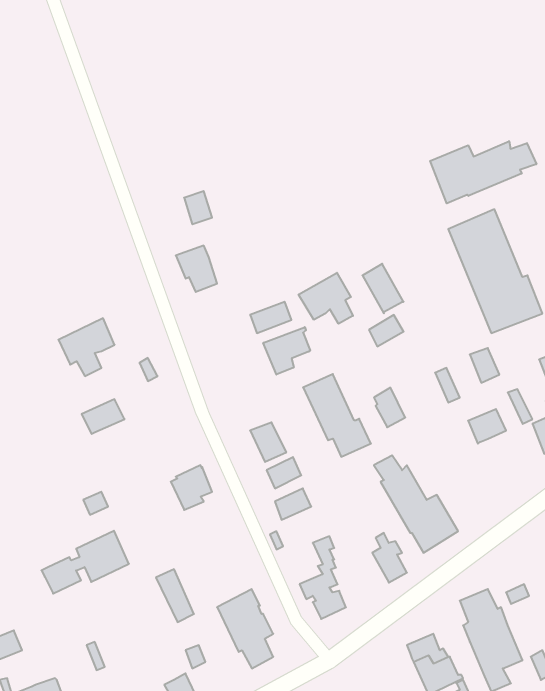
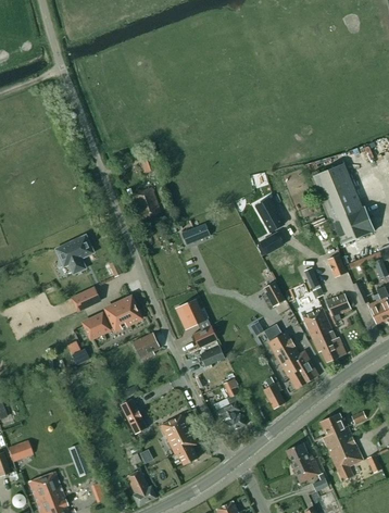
building: [430,141,536,203] -> none
building: [299,273,353,324] -> none
building: [263,327,310,375] -> none
building: [303,374,371,457] -> [301,308,346,362]
building: [41,531,129,594] -> [79,295,137,336]

